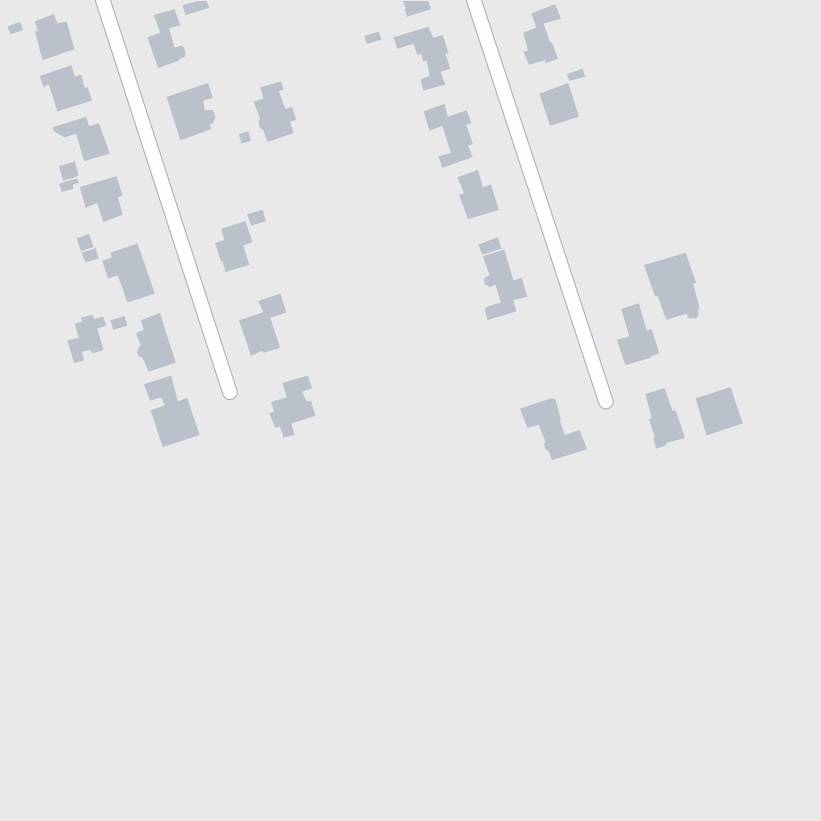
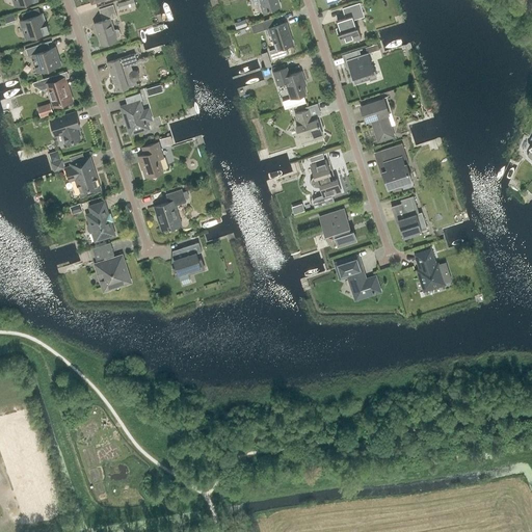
building: [253,80,298,143] -> [122,94,151,134]
building: none -> [362,100,393,140]
building: [643,252,701,321] -> [374,143,411,188]
building: [66,314,107,364] -> none
building: none -> [320,209,356,246]
building: [695,386,744,437] -> none

